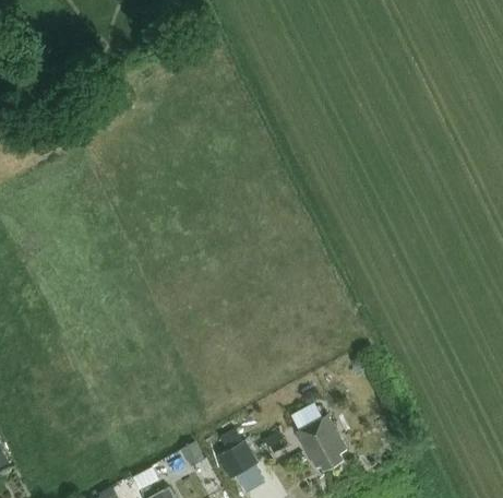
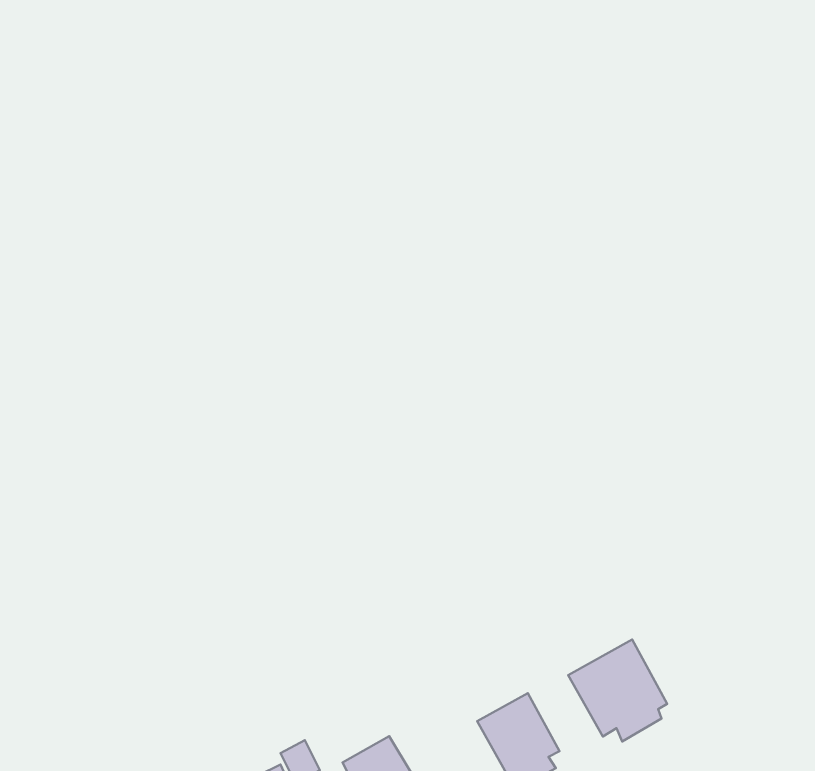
building: none -> [568,640,667,741]

